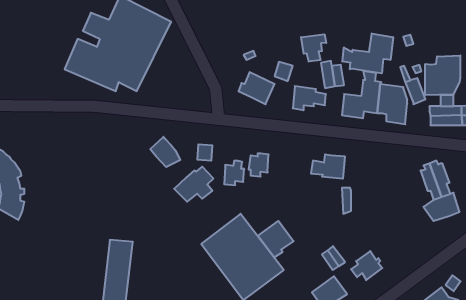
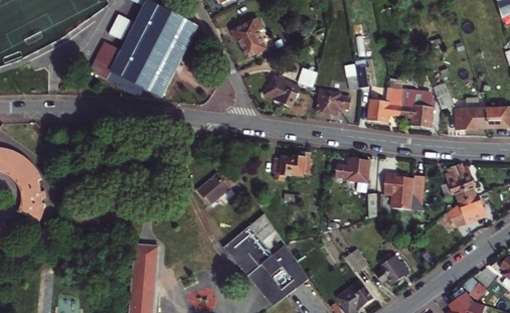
building: none -> [231,18,263,56]
building: [342,33,393,73] -> none
building: [301,34,326,62] -> none
building: [425,55,460,95] -> none
building: [150,137,180,167] -> none
building: [224,161,244,185] -> [292,151,312,175]
building: none -> [383,170,423,208]
building: [258,221,294,258] -> none

